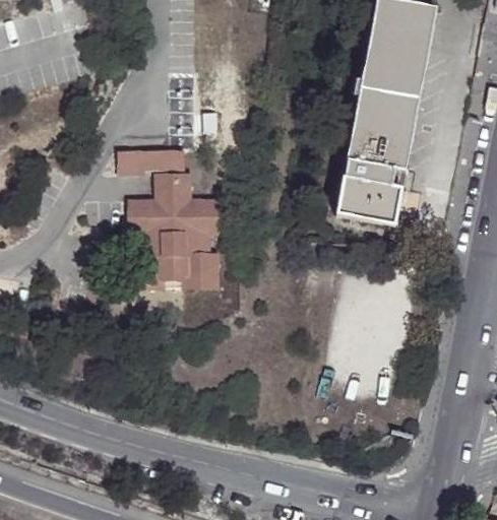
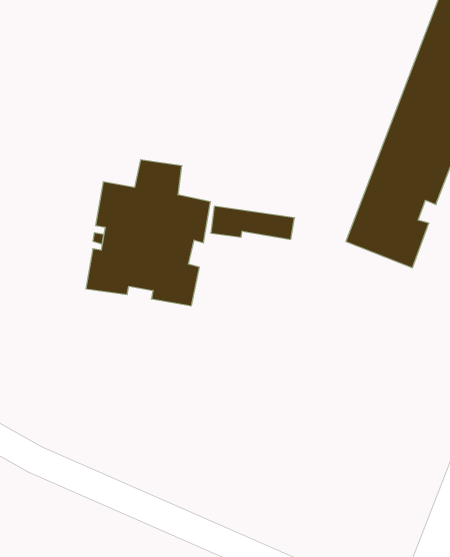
building: [119,150,186,175] -> [211,206,295,239]

